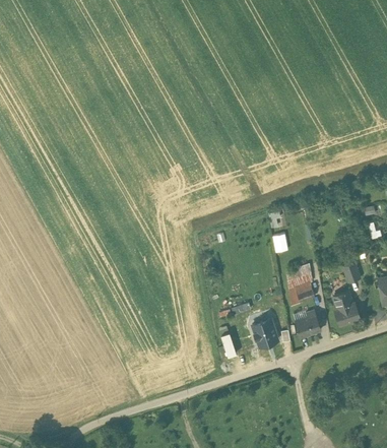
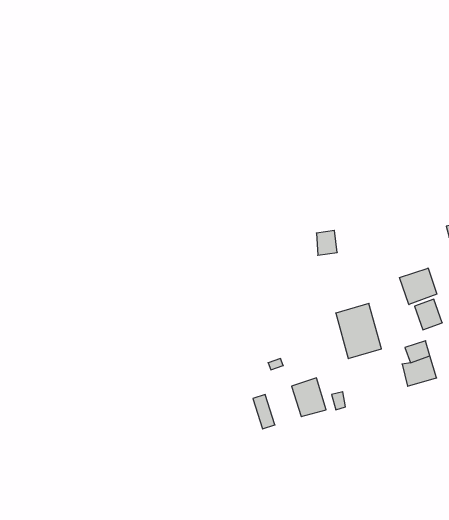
building: none -> [399,268,437,305]
building: [295,314,321,338] -> none

